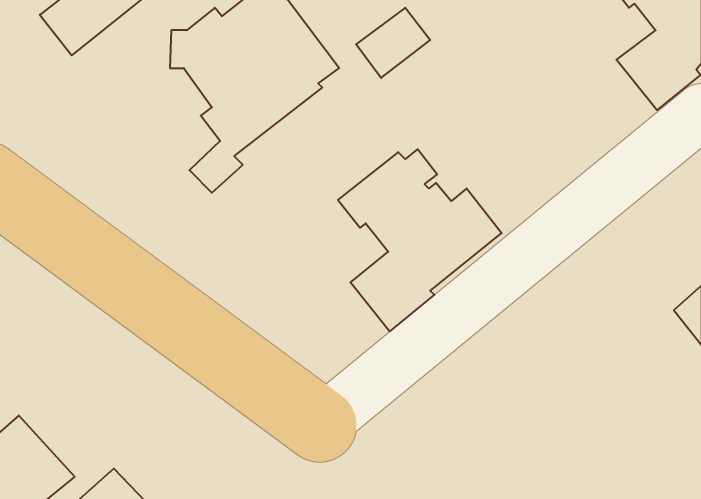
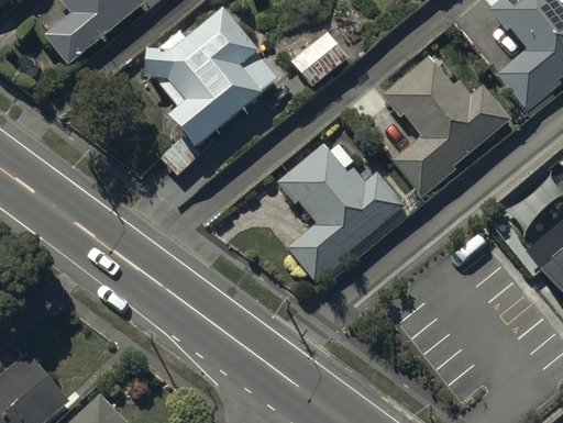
building: none -> [382,53,511,196]

